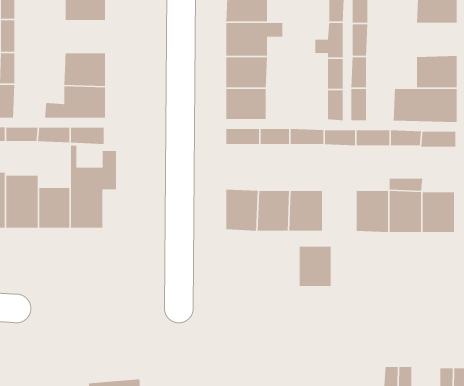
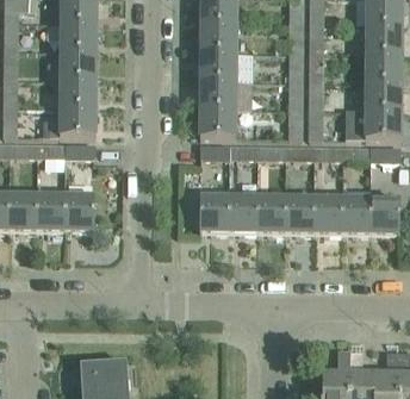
building: none -> [61,50,97,77]
building: none -> [366,52,402,81]
building: [299,246,332,287] -> [285,197,313,232]

